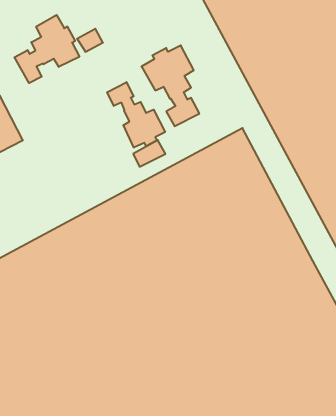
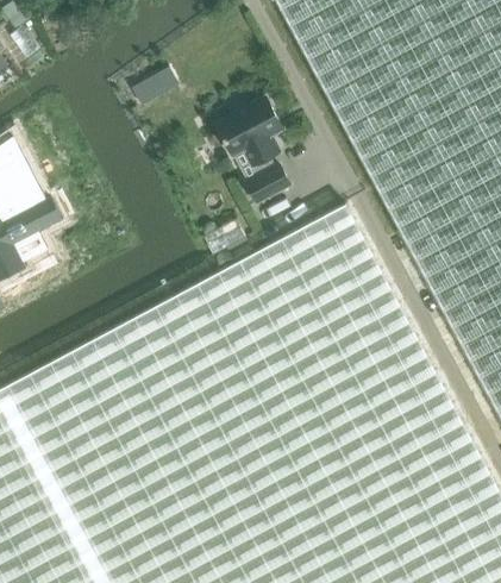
building: [14,15,79,83] -> none
building: [107,82,165,148] -> none

